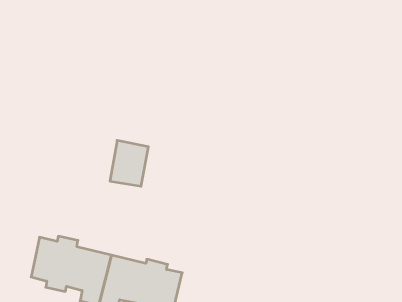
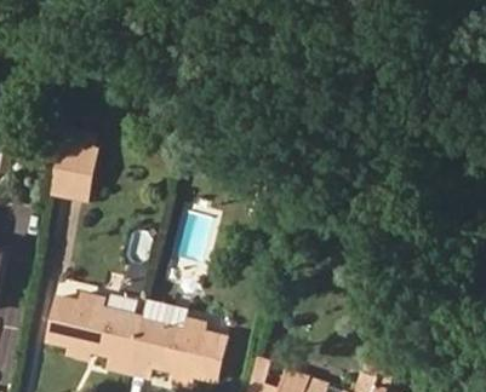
building: [110,140,148,186] -> [55,142,99,195]

